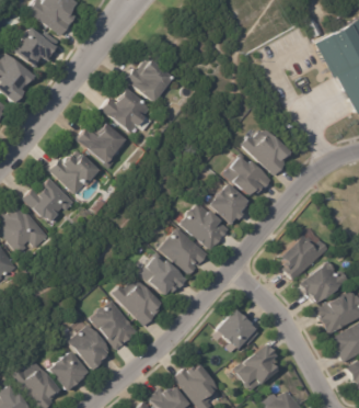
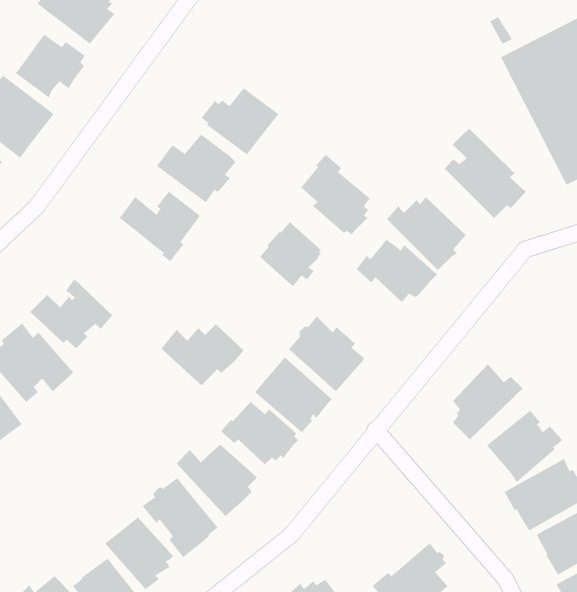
building: none -> [444,128,527,219]
building: none -> [301,154,371,235]
building: [49,155,101,193] -> [161,324,244,386]
building: [211,182,250,223] -> [259,221,322,287]
building: [216,308,256,349] -> none

